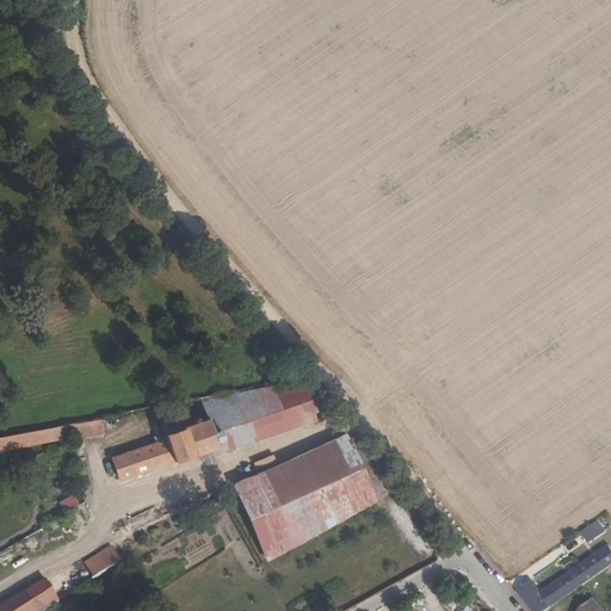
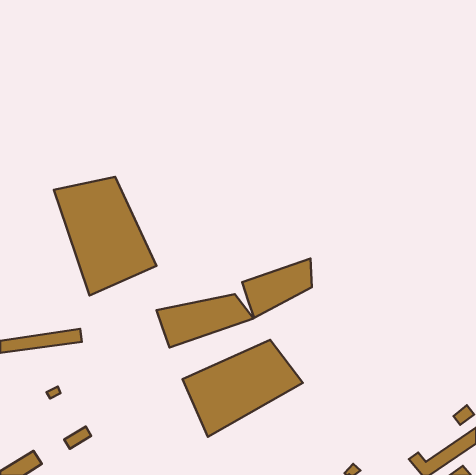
building: none -> [54,177,156,296]
building: none -> [242,259,312,318]
building: [111,411,217,480] -> none

